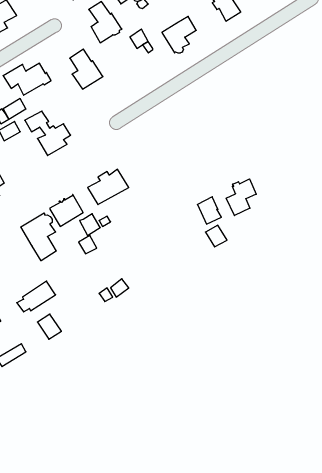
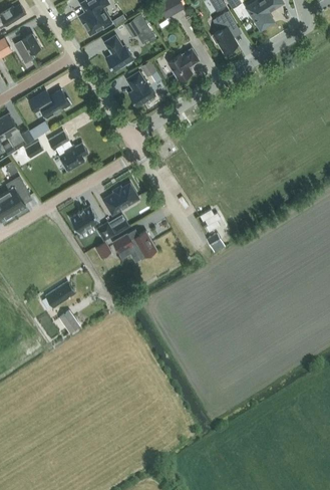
building: [70,49,103,89] -> [126,72,155,107]
building: [226,179,256,216] -> none
building: [21,213,56,261] -> none
building: none -> [113,231,157,260]

